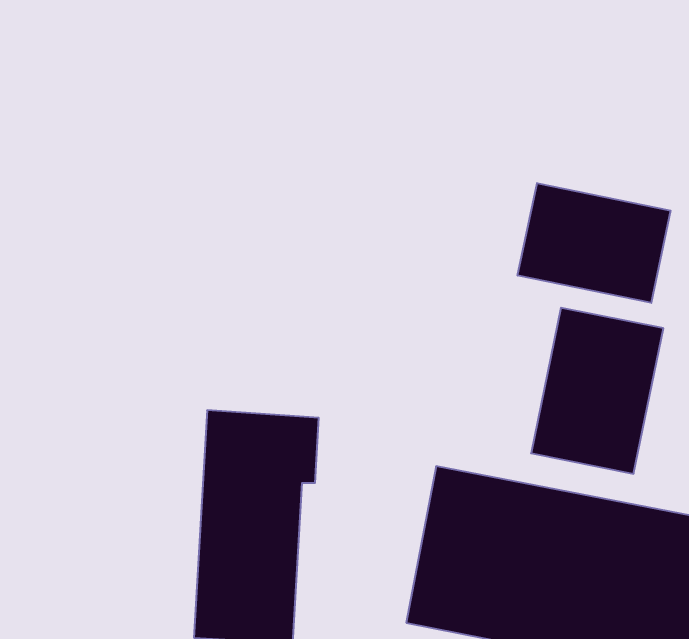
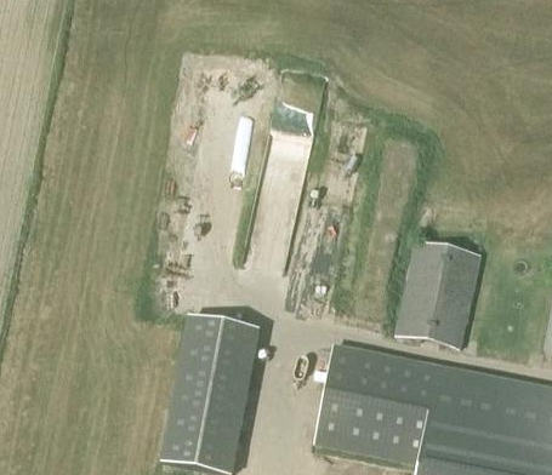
building: [518,183,671,303] -> none

